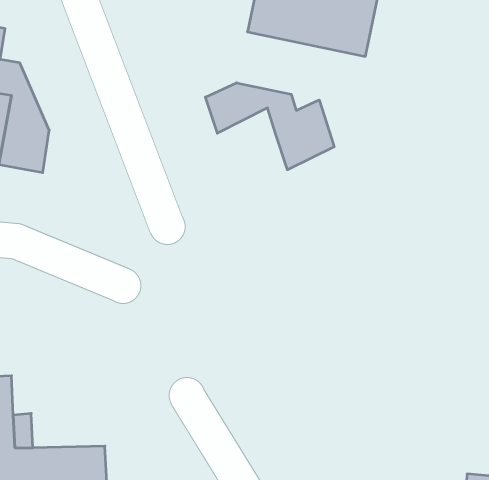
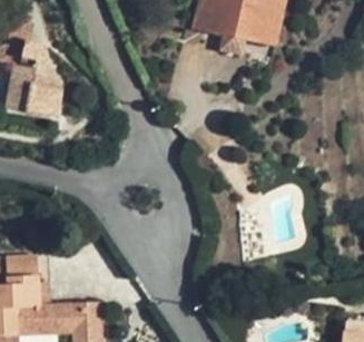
building: [205,83,334,170] -> none

